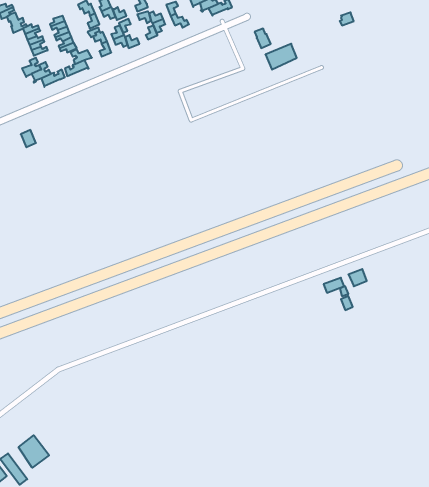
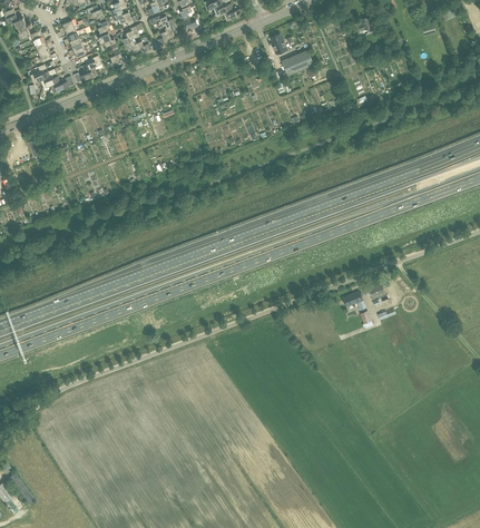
building: [19,435,49,468] -> none

